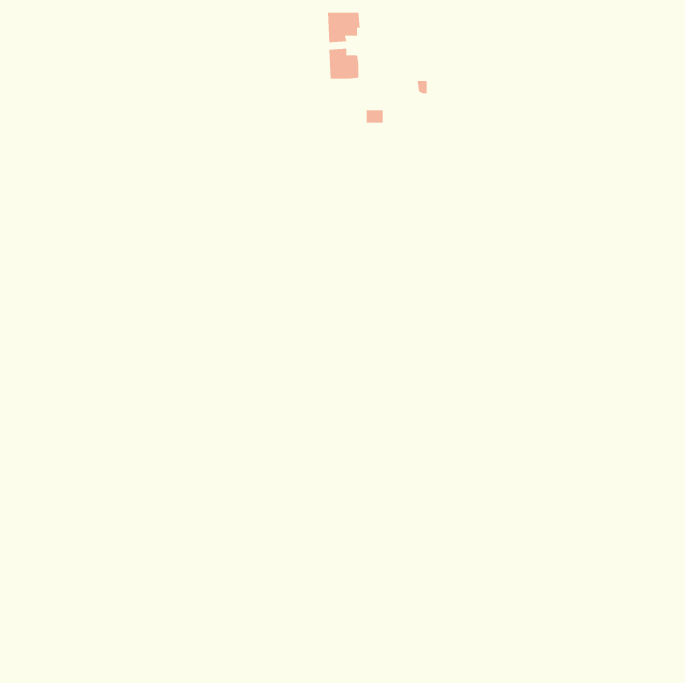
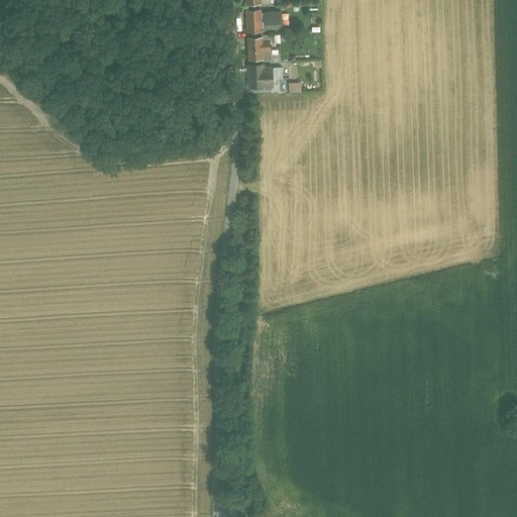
building: none -> [248,65,273,88]

